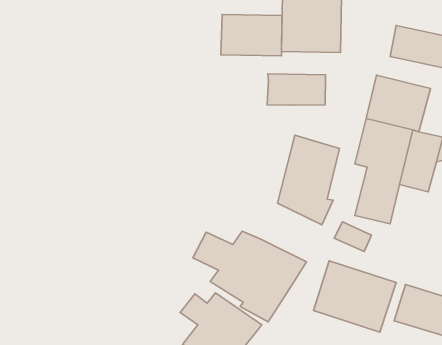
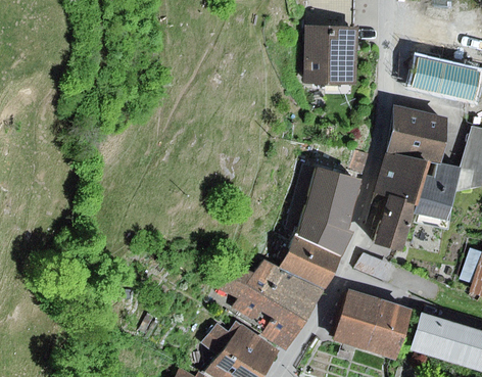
building: [221,15,282,56] -> none
building: [267,74,326,105] -> none
building: none -> [280,232,343,290]

